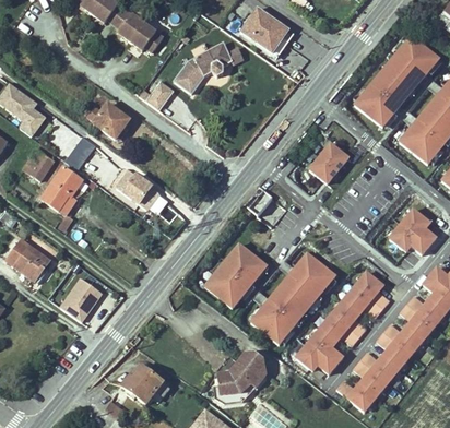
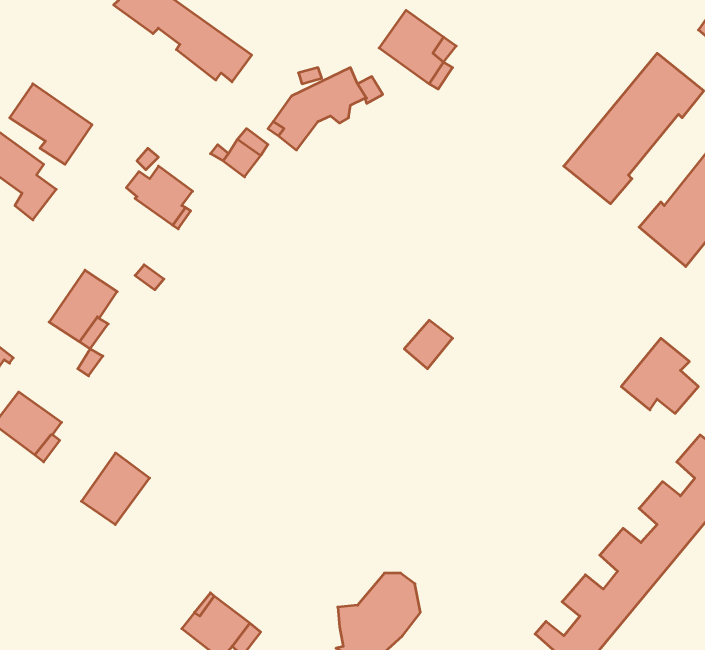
building: [45,118,95,167] -> [10,84,92,164]
building: [309,142,348,183] -> none
building: [23,150,54,180] -> none
building: [119,169,152,203] -> none
building: [204,242,264,307] -> none
building: [250,252,335,344] -> none
building: [296,271,389,373] -> none

